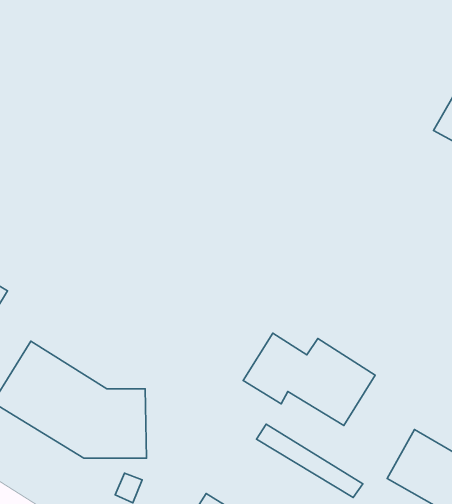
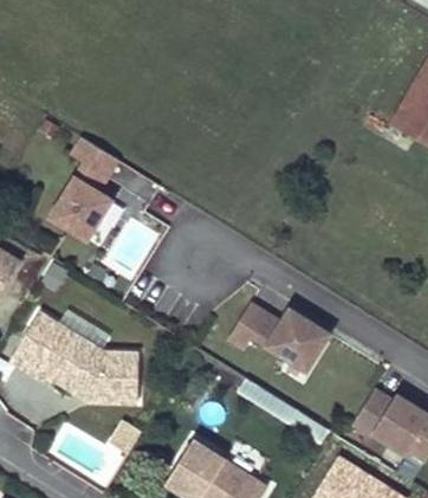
building: none -> [48,136,122,244]

